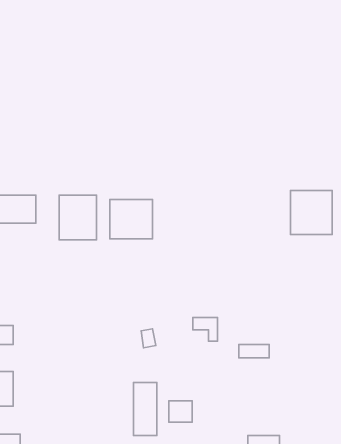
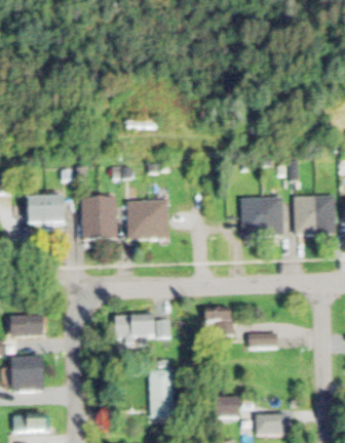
building: none -> [243,196,281,234]
building: none -> [115,314,155,341]
building: [169,401,192,422] -> [218,397,239,416]

